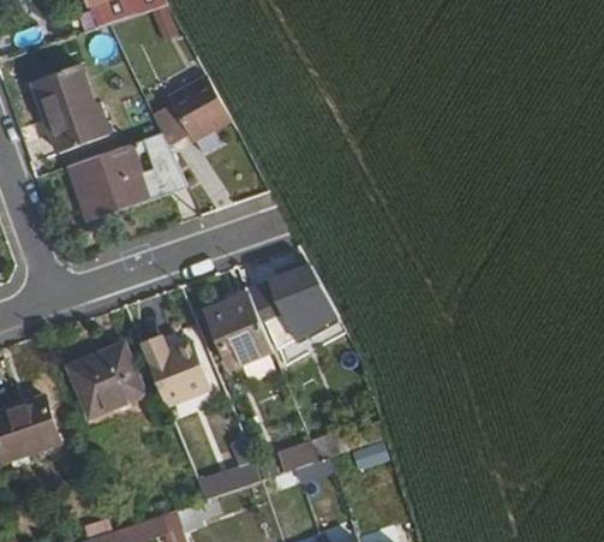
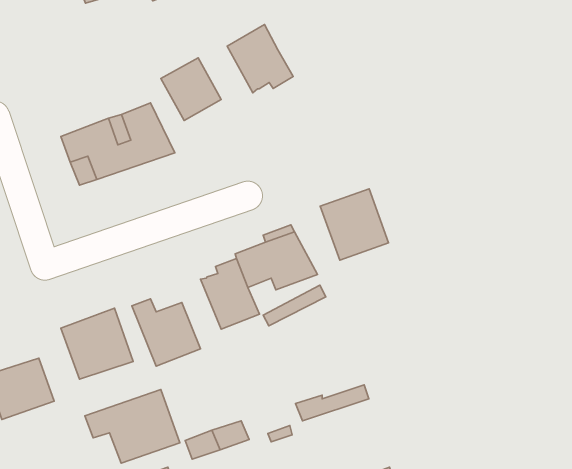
building: none -> [227,25,293,93]
building: [31,66,100,155] -> none
building: none -> [320,189,389,260]
building: none -> [85,390,180,463]

